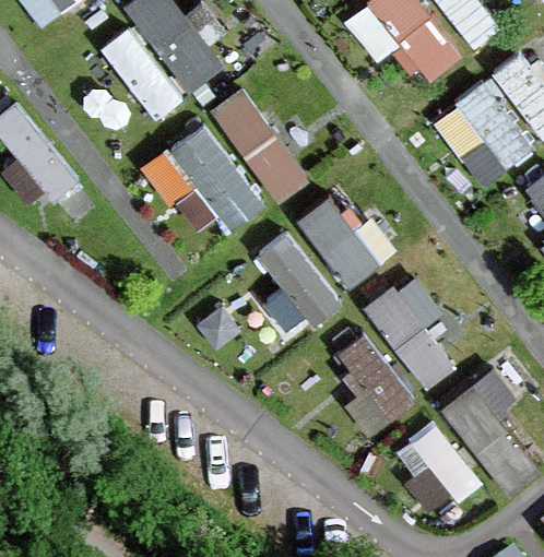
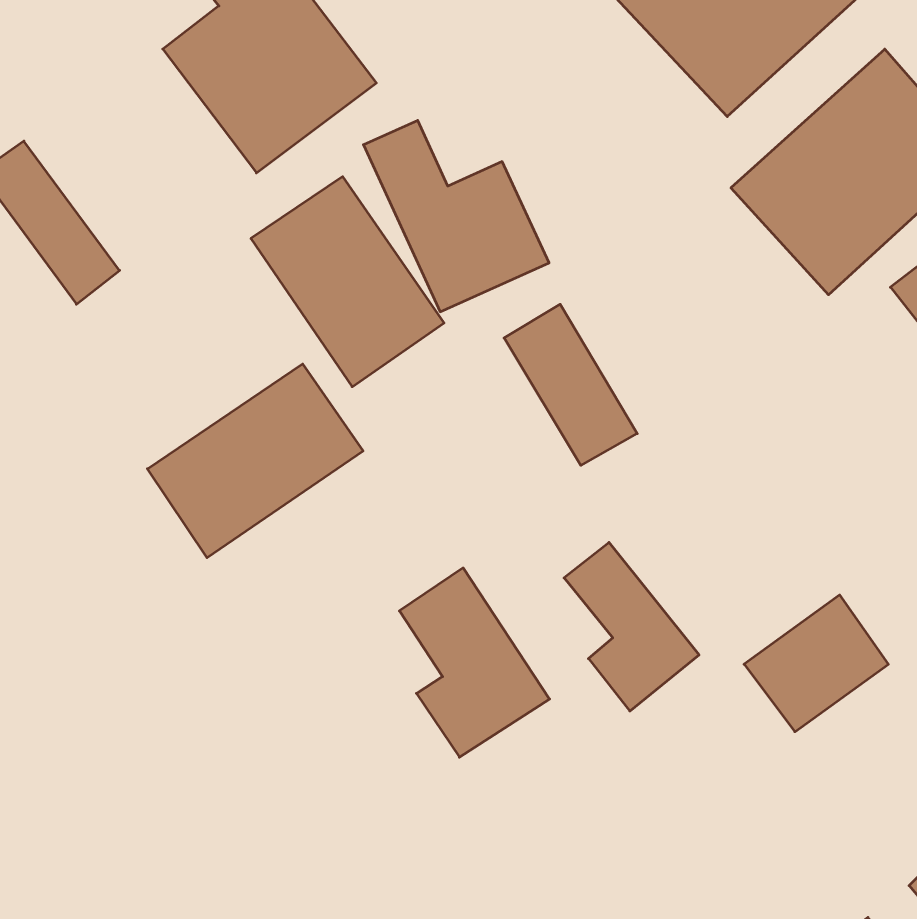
building: [253,228,341,339] -> [399,568,550,757]
building: none -> [147,364,363,558]
building: [367,272,451,388] -> none
building: [393,422,472,510] -> none

